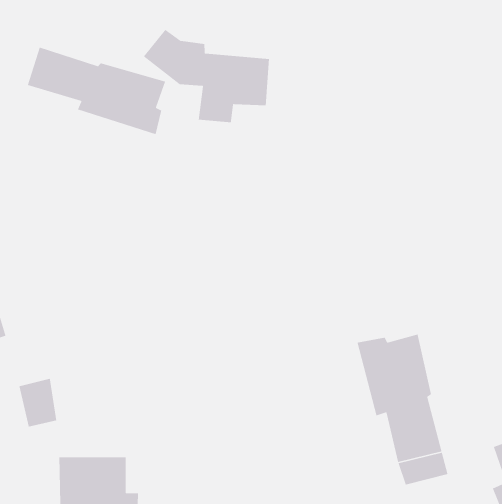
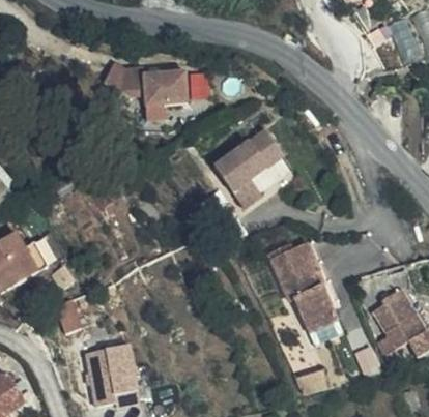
building: [27,47,166,135] -> none
building: none -> [213,128,282,207]

